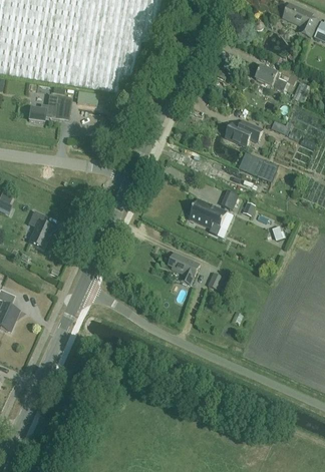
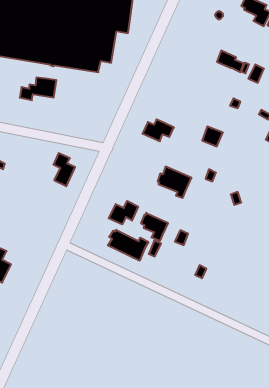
building: [226,121,262,146] -> [142,119,174,141]
building: [27,210,52,249] -> [53,153,75,186]
building: none -> [109,201,138,224]
building: none -> [108,230,148,261]

